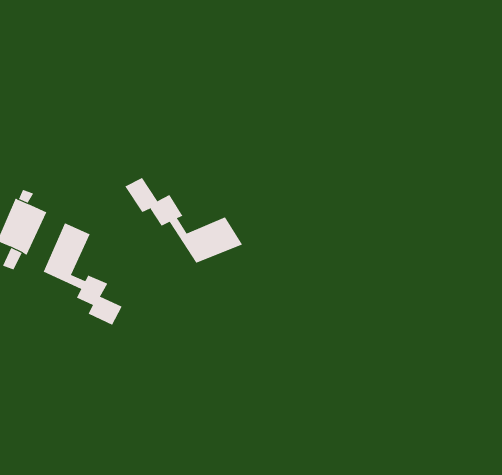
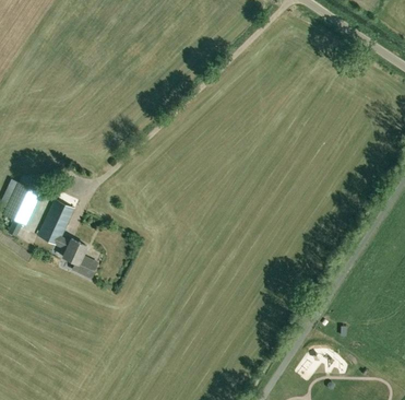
building: [125,177,243,263] -> none

